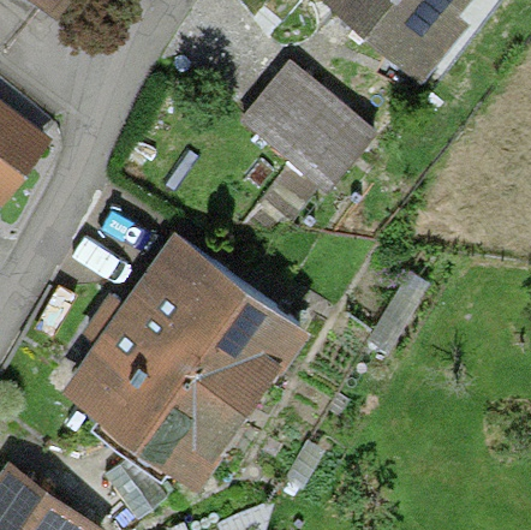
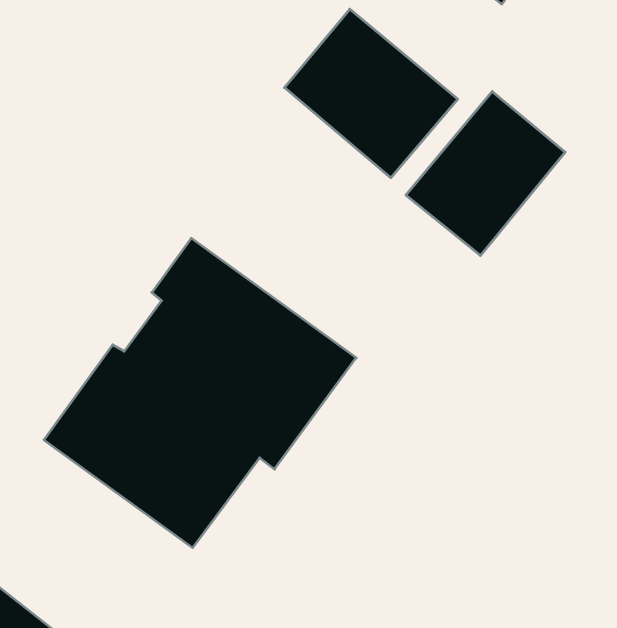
building: none -> [406,91,565,256]

